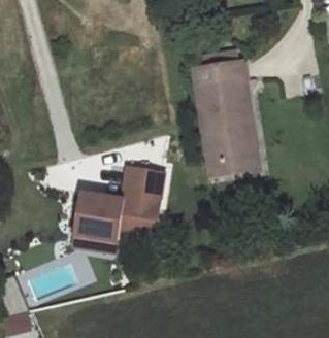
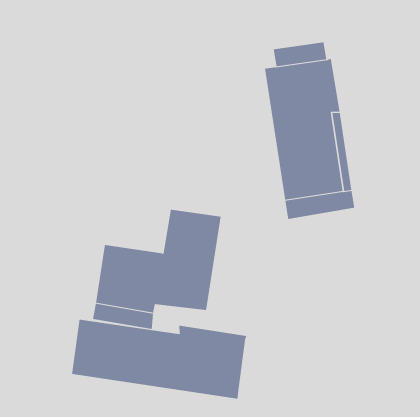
building: none -> [71,319,247,399]

